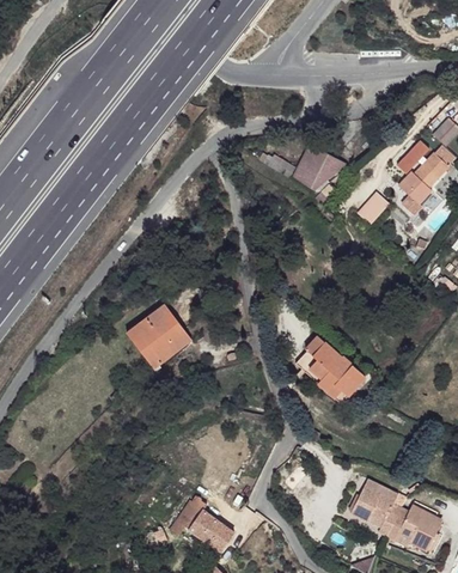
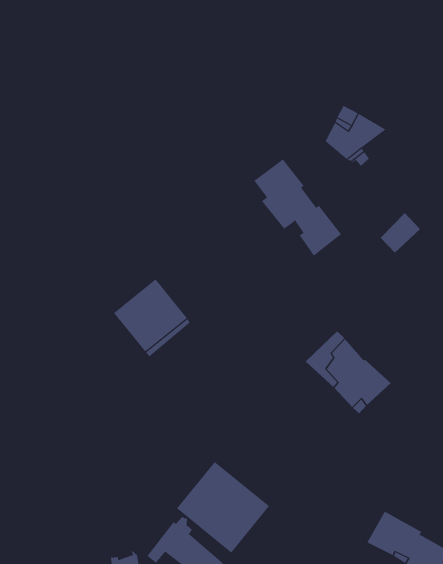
building: [355,189,389,224] -> [380,212,421,253]
building: none -> [253,158,342,256]
building: none -> [176,461,270,553]

